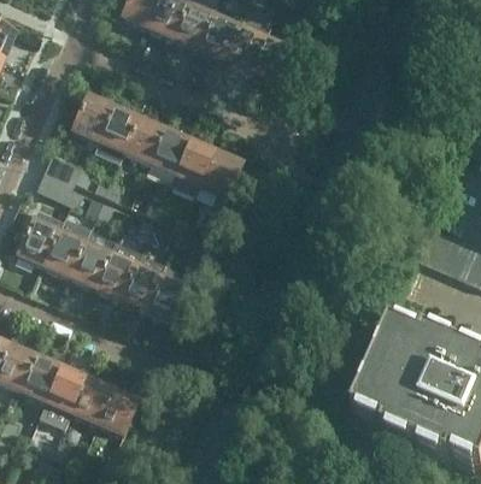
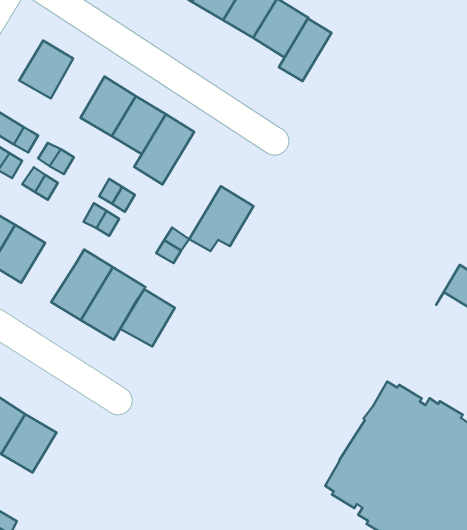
building: none -> [279,19,331,81]
building: [92,105,136,160] -> none
building: [193,149,240,201] -> [189,186,254,251]
building: [93,252,134,297] -> none
building: none -> [120,289,175,347]

